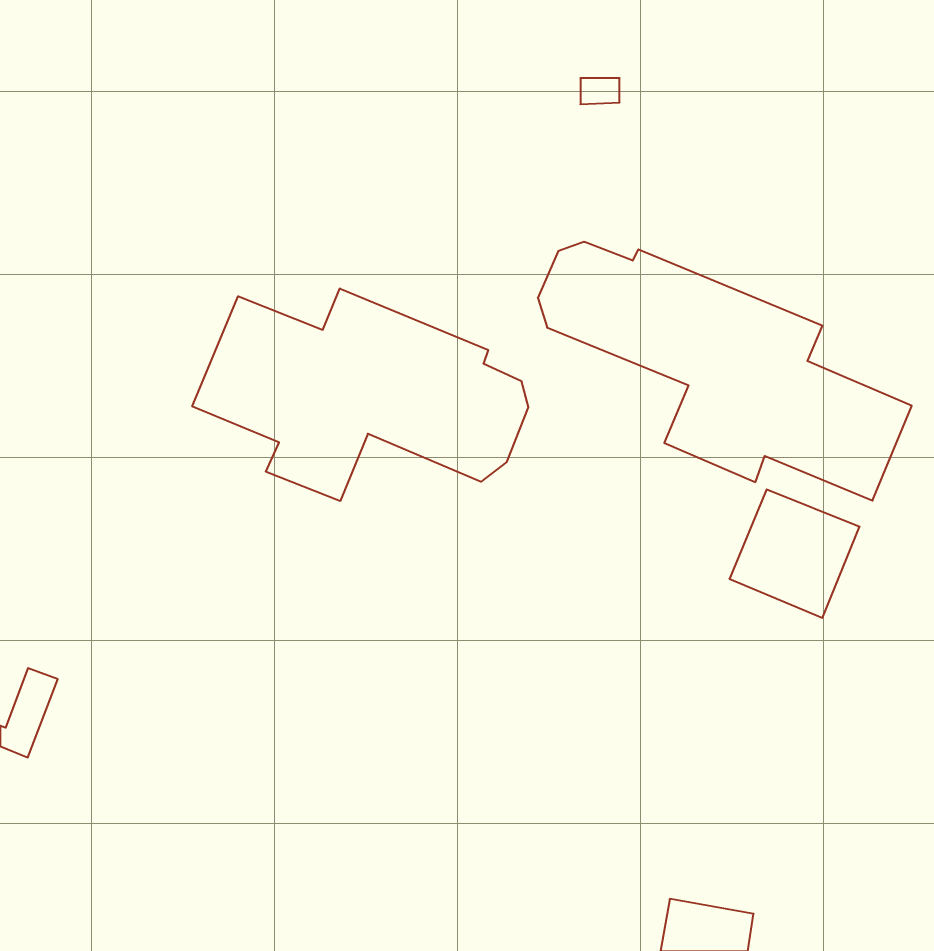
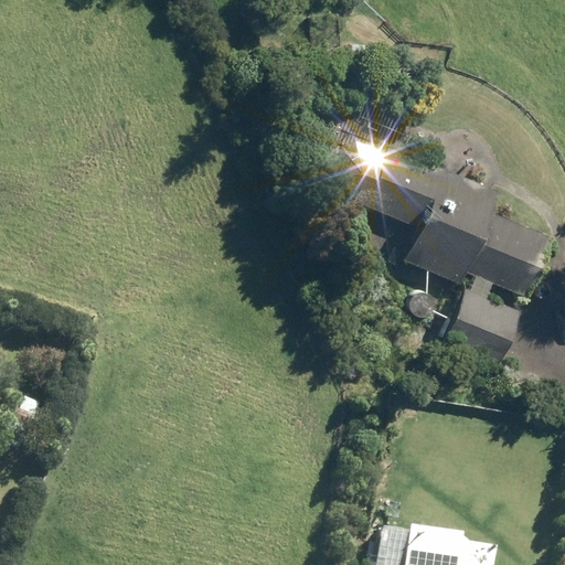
building: [192,288,528,501] -> none

